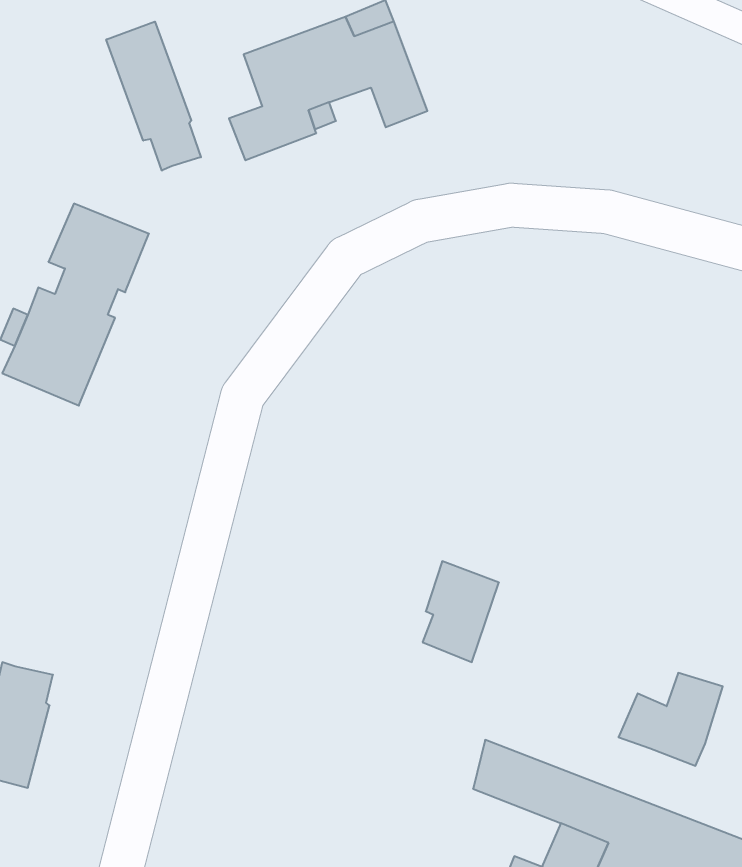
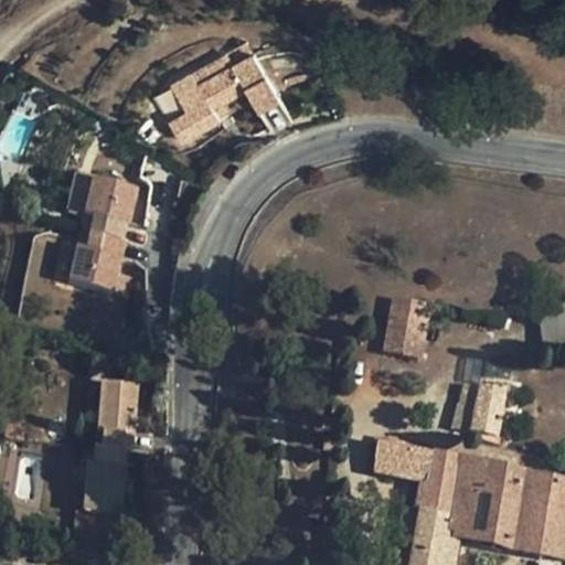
building: [106,22,201,171] -> none
building: none -> [98,381,137,448]
building: [423,561,499,662] -> [385,300,424,354]

